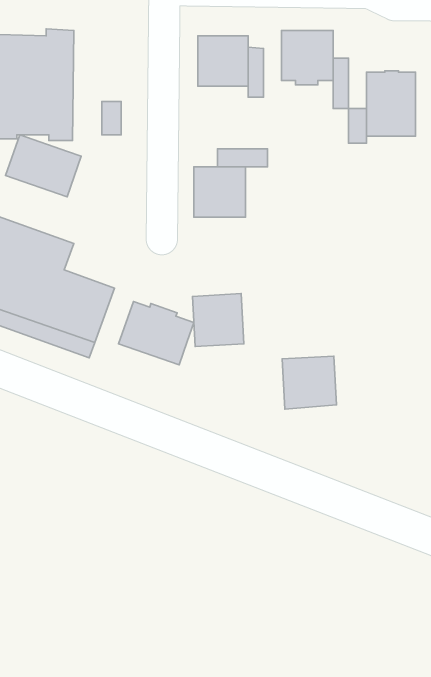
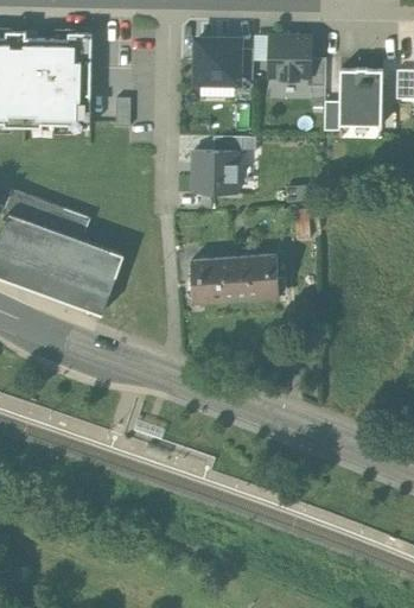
building: [6,135,81,197] -> none
building: [119,302,194,365] -> none
building: [282,356,336,409] -> [231,258,278,303]

